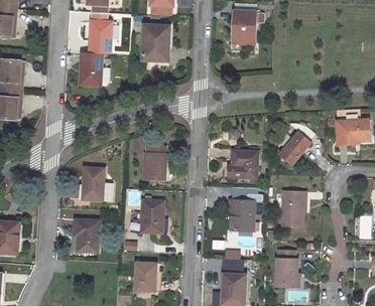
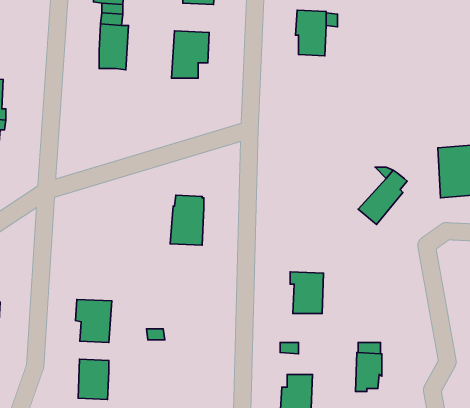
building: [80,52,109,85] -> none
building: [227,150,256,177] -> none
building: [81,167,112,200] -> none
building: [280,190,305,226] -> none
building: [139,200,163,233] -> none
building: [133,262,155,291] -> [78,359,109,399]

